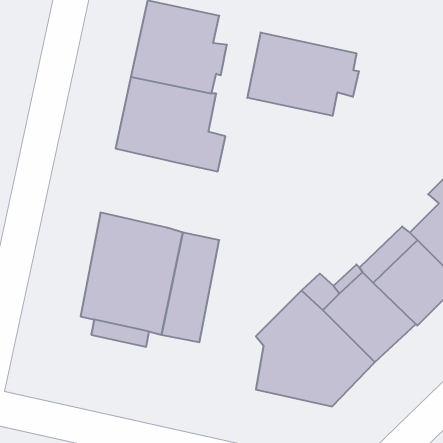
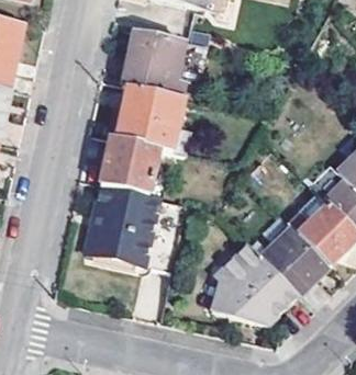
building: [247,32,359,116] -> none
building: none -> [99,139,158,196]

